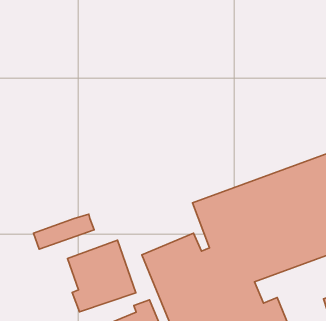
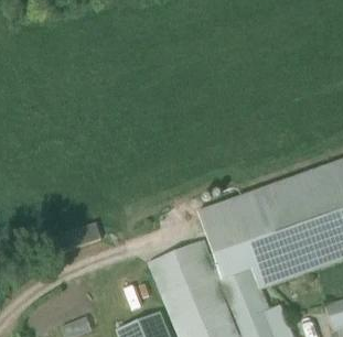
building: [68,240,136,312] -> none

